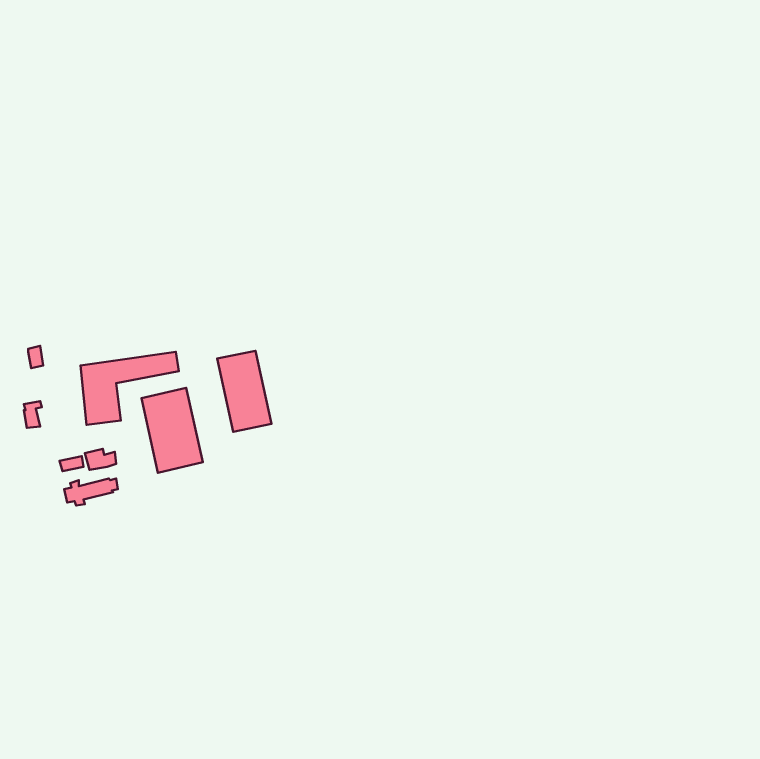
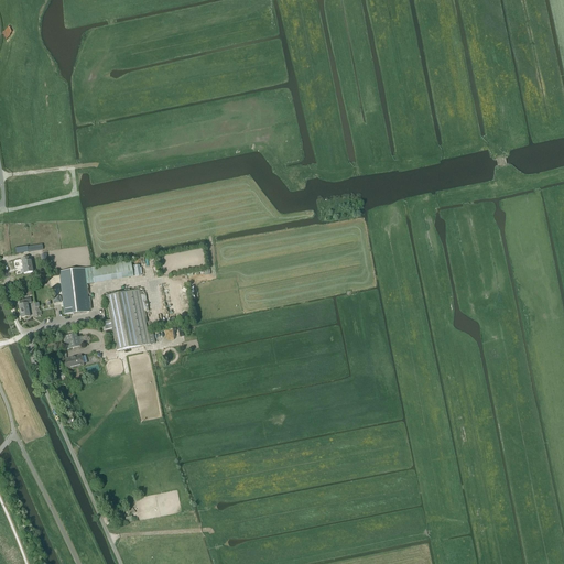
building: [217,351,272,432] -> none

